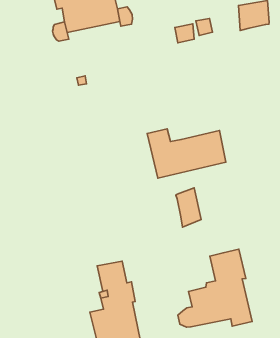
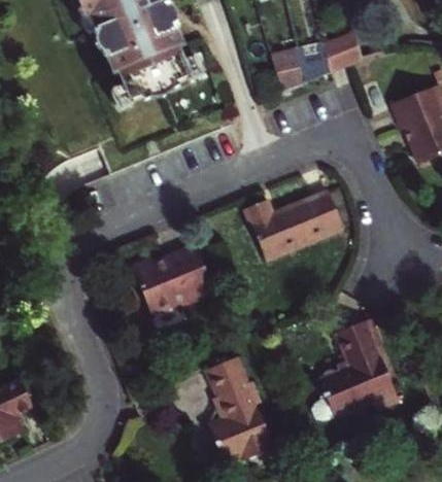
building: none -> [301,39,334,77]
building: none -> [129,243,213,309]
building: [176,188,201,227] -> none

